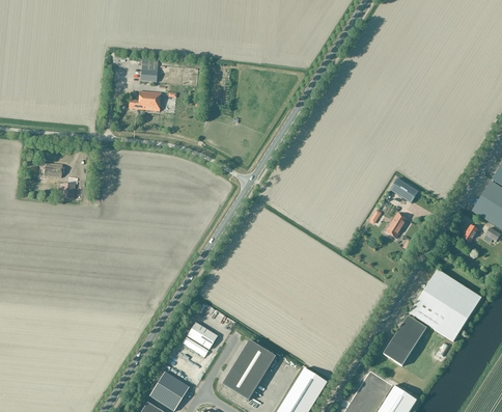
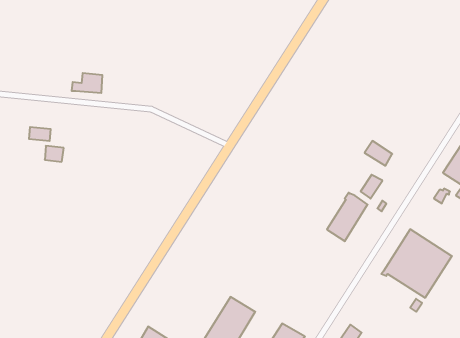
building: [140,56,159,81] -> none
building: [129,89,161,110] -> [72,73,102,93]
building: [384,314,426,365] -> [327,193,368,241]
building: [187,322,217,349] -> none

